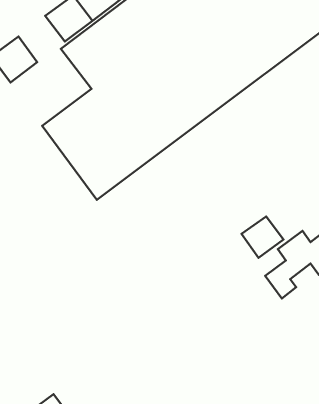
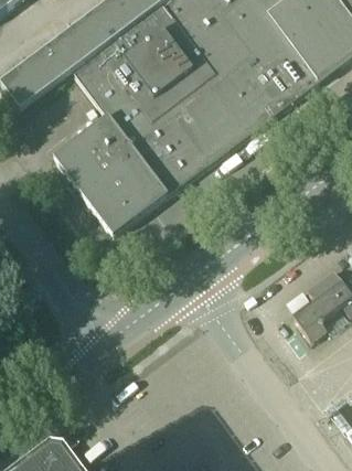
building: none -> [28,38,77,87]
building: [241,217,283,258] -> none

